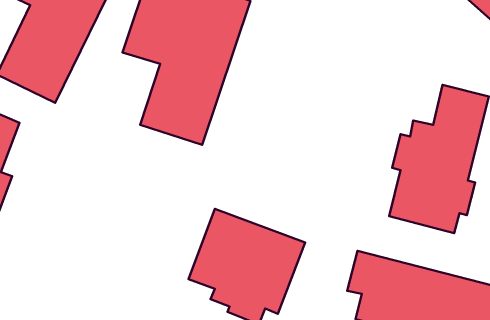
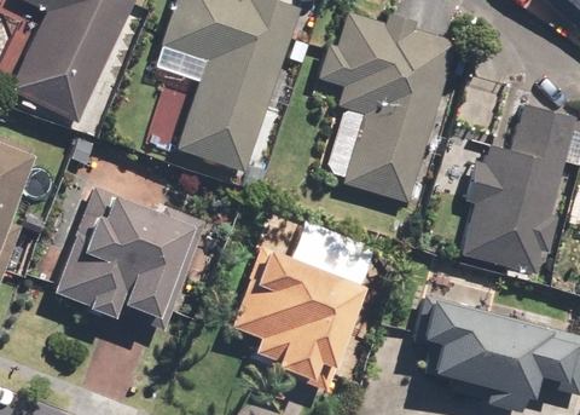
building: none -> [318,12,456,203]
building: none -> [50,185,207,336]

